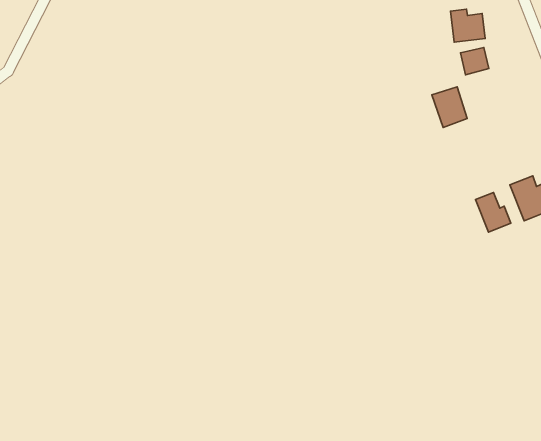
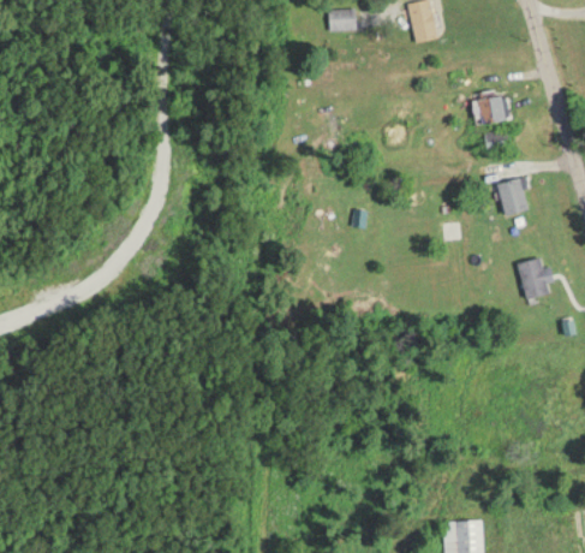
building: [432,87,467,128] -> [497,178,529,215]
building: [475,192,511,232] -> none

